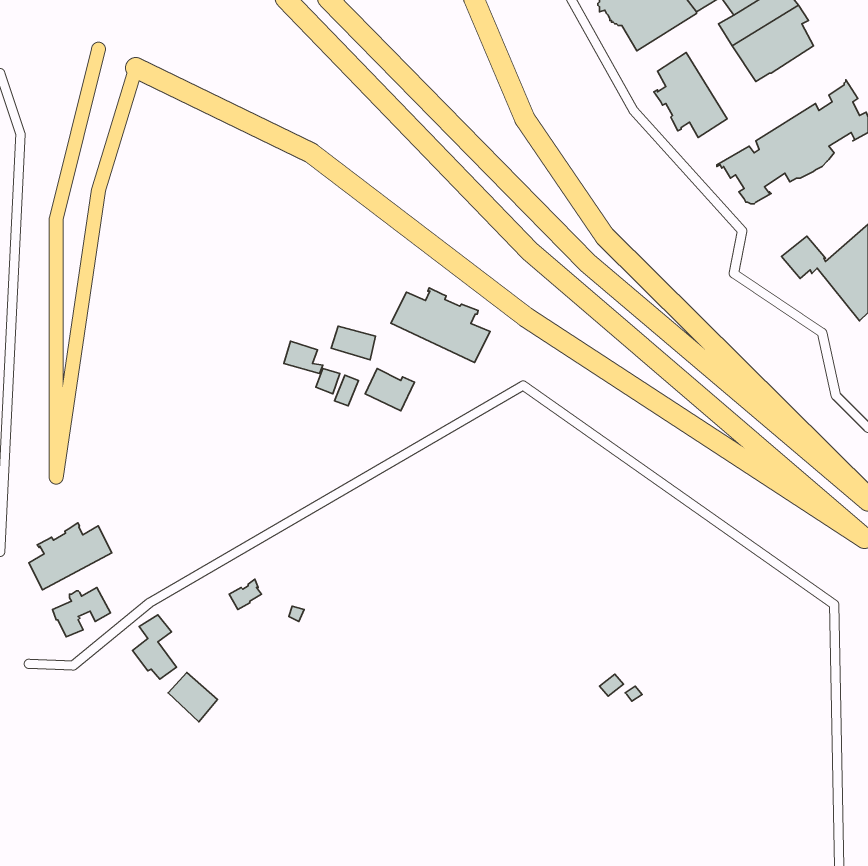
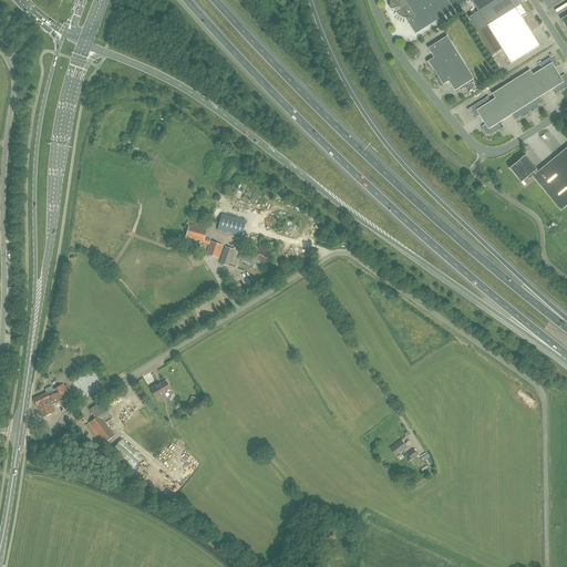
building: none -> [503,30,540,62]
building: [391,288,490,362] -> none
building: [29,523,112,590] -> none

